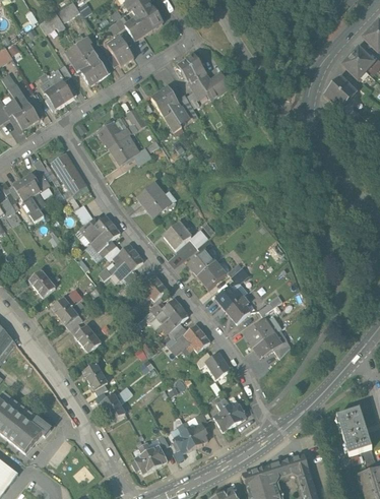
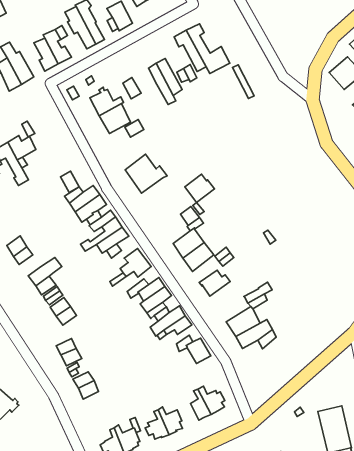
building: [52,150,87,193] -> none
building: [164,223,192,250] -> [185,174,214,203]
building: [226,297,259,324] -> none

